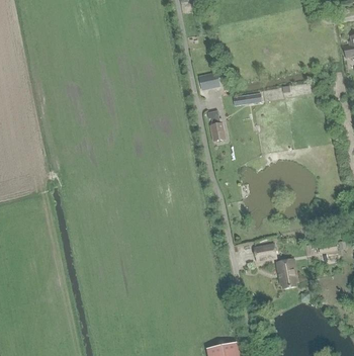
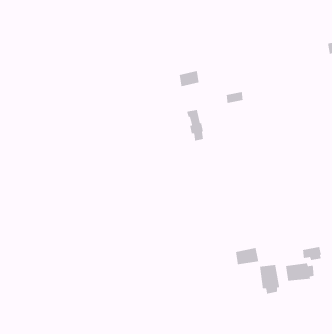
building: none -> [285,263,315,281]

